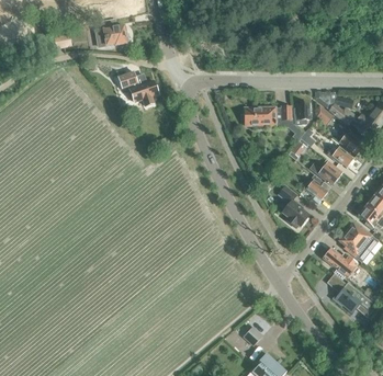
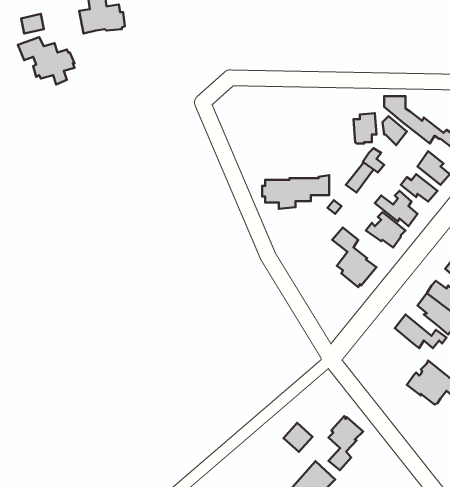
building: [117,71,158,105] -> [18,37,74,84]
building: [241,105,290,129] -> [262,175,329,209]
building: none -> [329,416,363,470]

